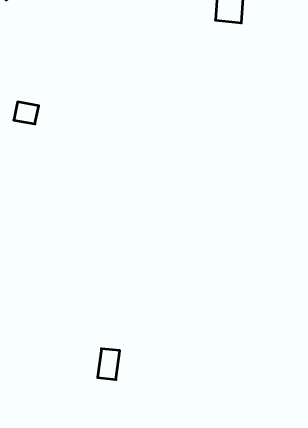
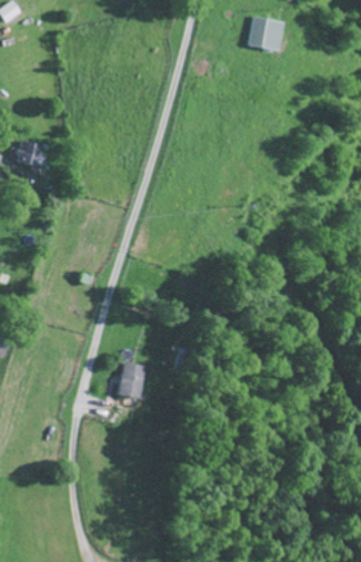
building: [98,349,120,380] -> [118,362,143,398]

